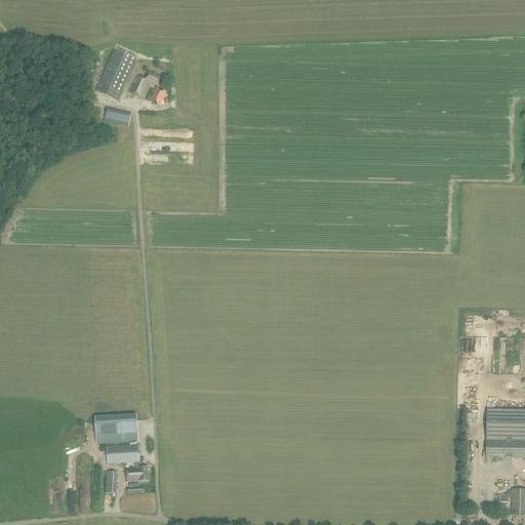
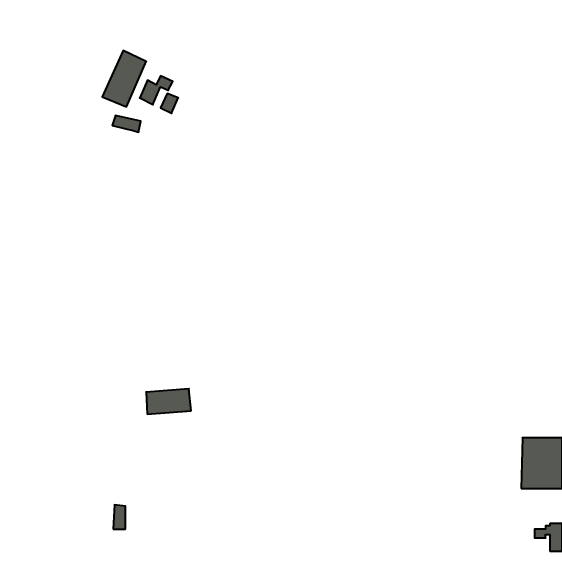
building: [96,419,138,443] -> [146,389,191,414]
building: [107,445,149,481] -> none

